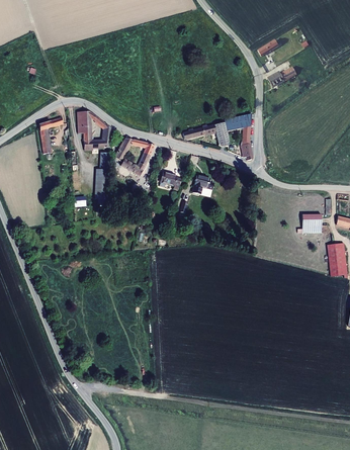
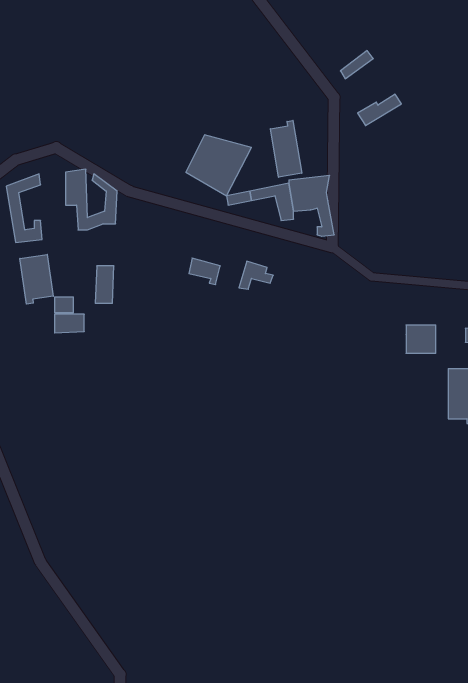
building: none -> [270,120,302,177]
building: [115,137,158,176] -> [186,135,251,196]
building: none -> [20,254,53,304]

